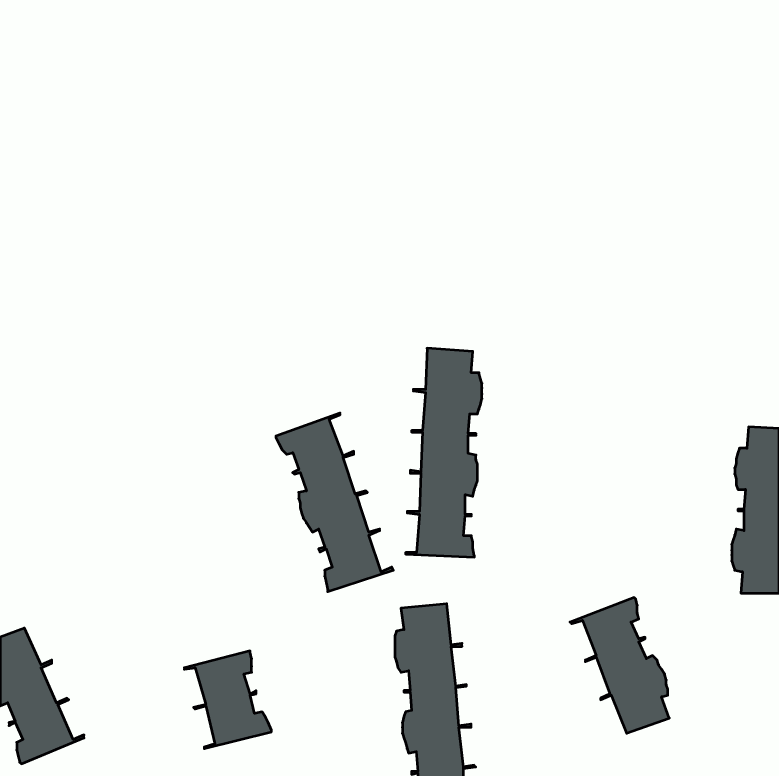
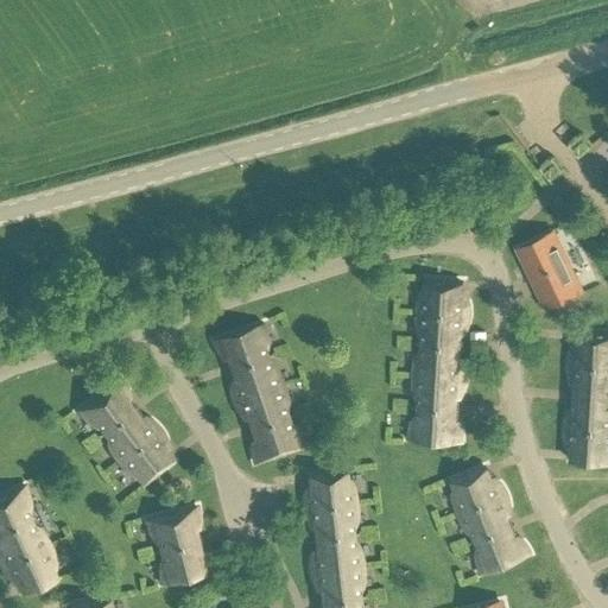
building: none -> [519,235,580,309]
building: [406,348,482,557] -> [407,283,467,445]
building: none -> [76,381,171,484]

